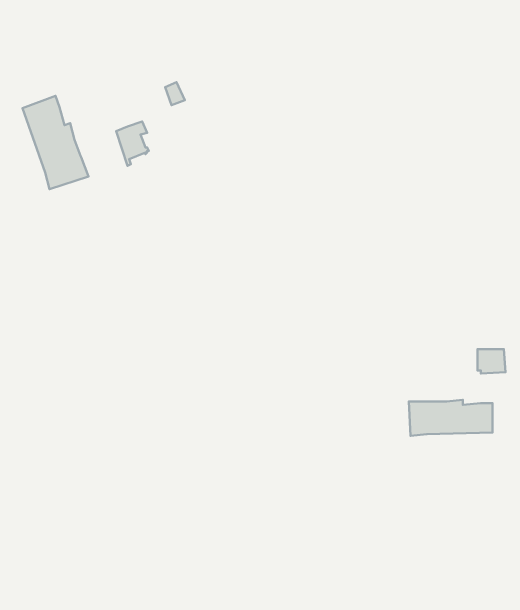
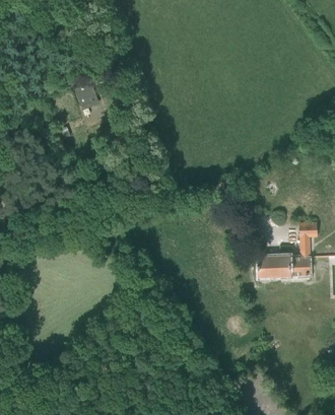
building: [22,96,88,189] -> none

